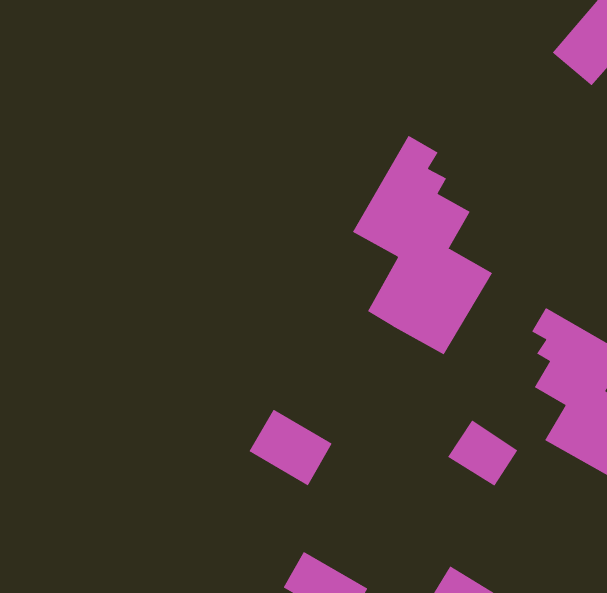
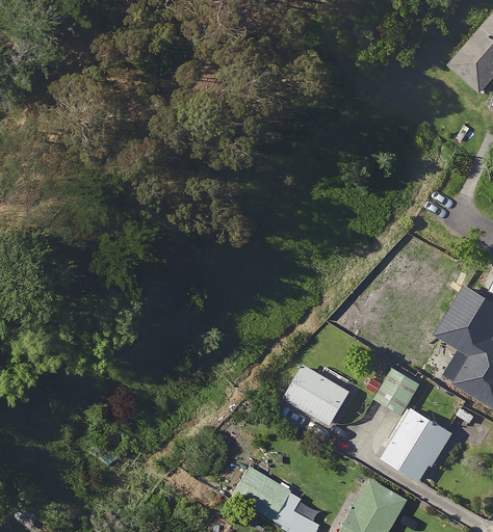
building: [352,135,493,355] -> none
building: [249,409,333,486] -> [284,365,352,427]
building: none -> [381,407,455,483]

